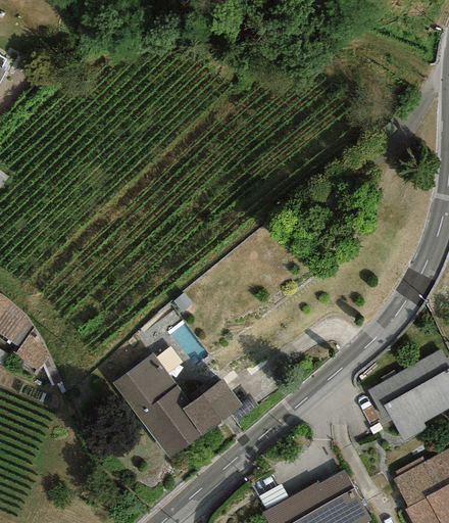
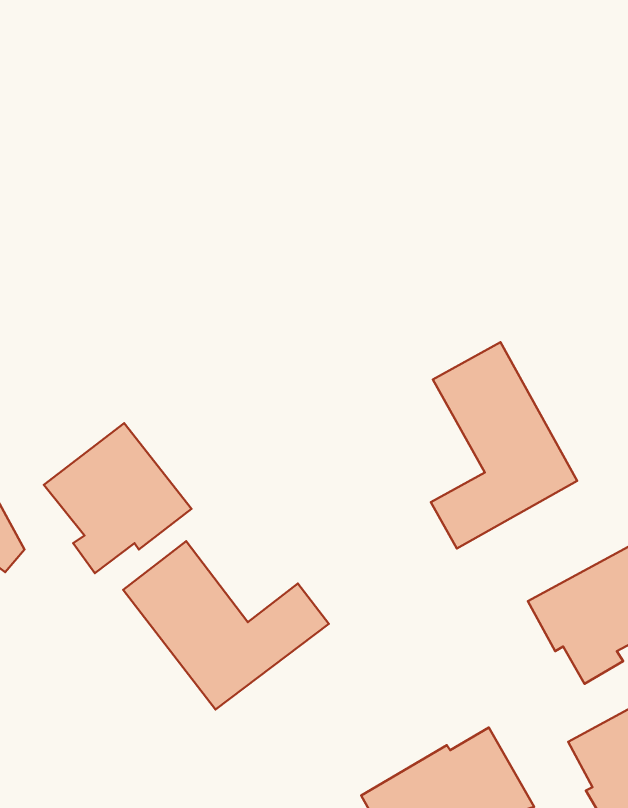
building: none -> [431,342,577,549]
building: none -> [44,423,192,573]

